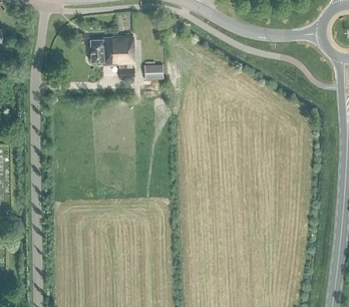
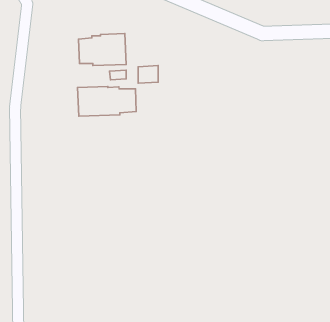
building: none -> [78,87,136,116]

